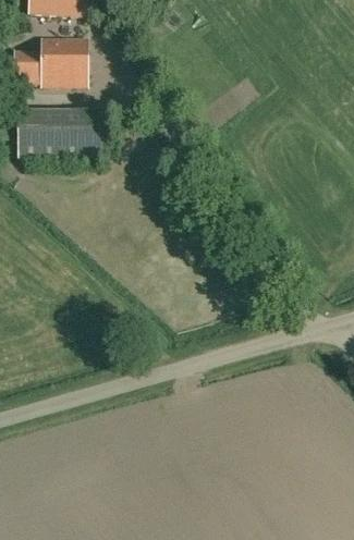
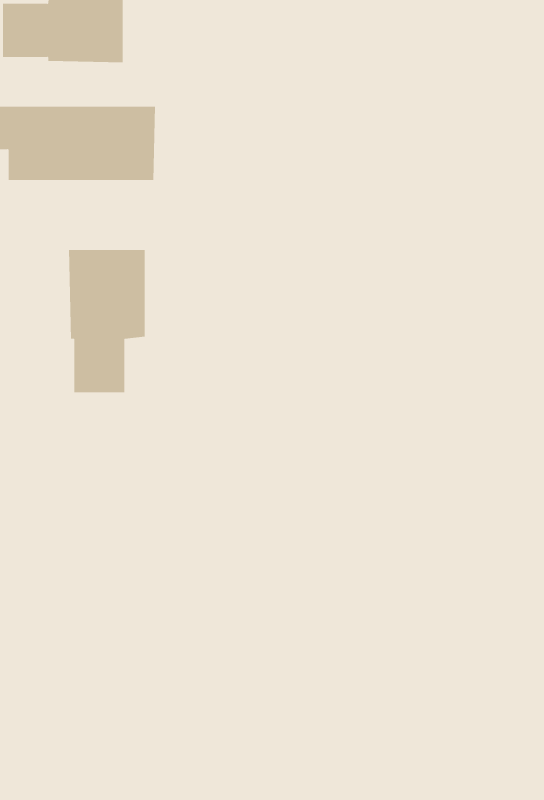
building: none -> [69,249,145,393]

